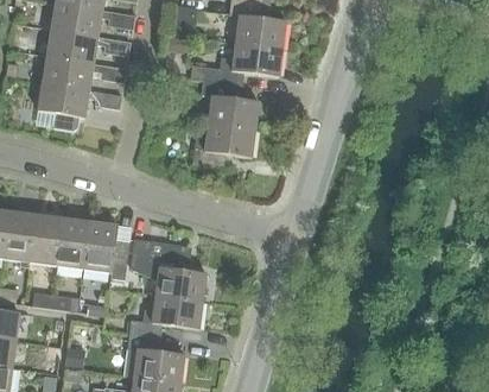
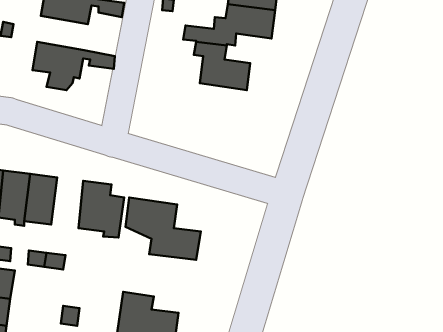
building: [43,55,126,89] -> none
building: [192,122,254,167] -> none
building: [57,217,89,268] -> none
building: [129,295,203,337] -> none

